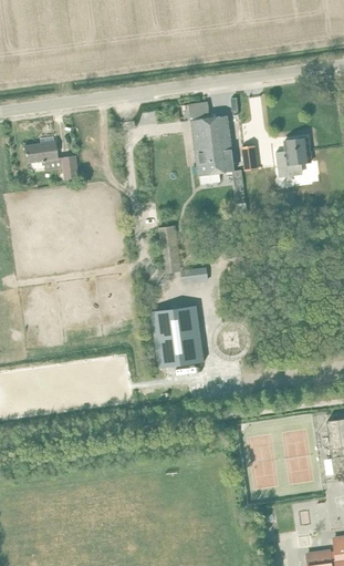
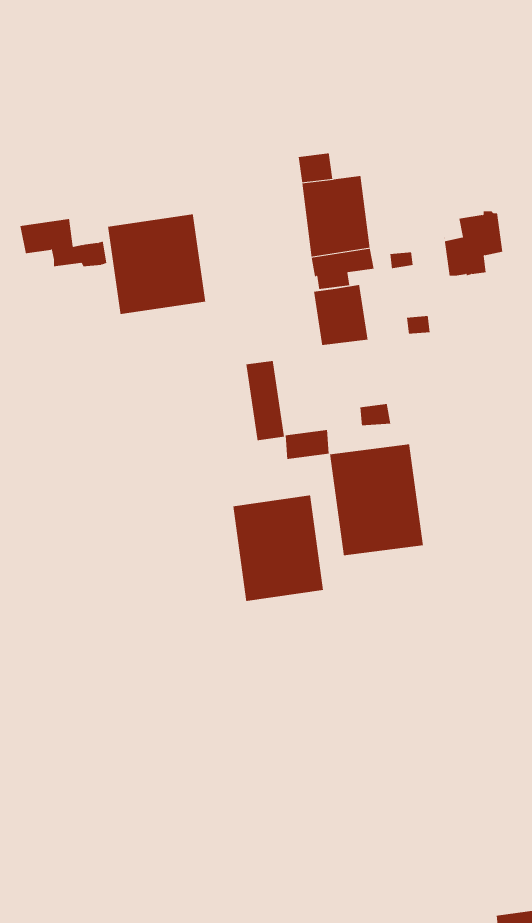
building: none -> [107,213,206,315]
building: none -> [314,284,368,346]
building: none -> [330,443,423,556]

